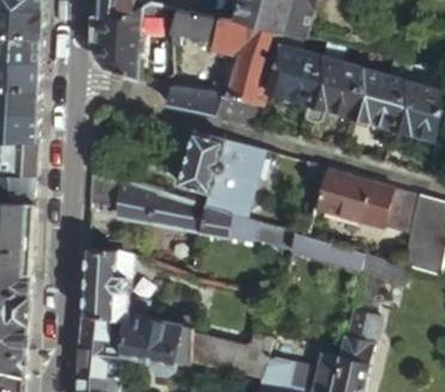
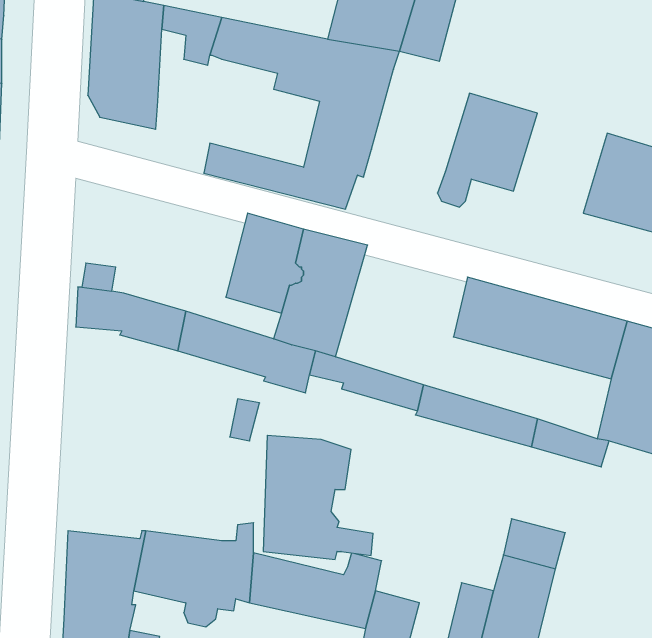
building: [263,42,322,103] -> none
building: [348,68,404,128] -> none
building: [81,249,147,324] -> [263,435,373,559]

